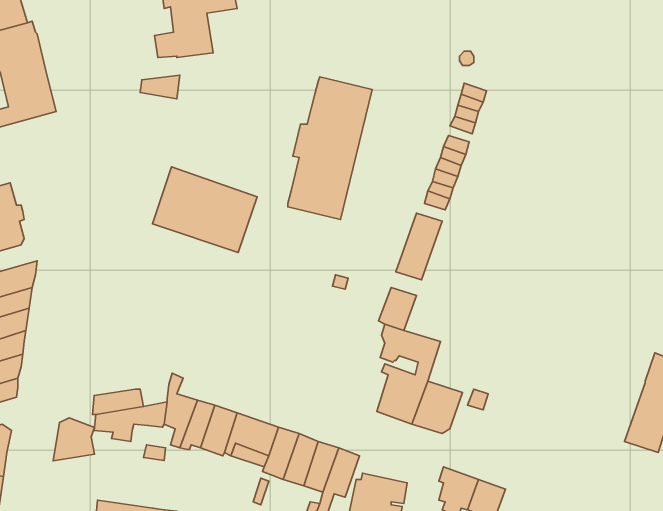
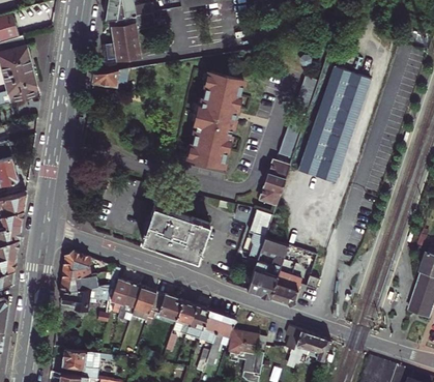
building: none -> [297,66,370,182]
building: [152,167,257,252] -> [141,204,209,260]
building: [53,418,94,461] -> [62,252,89,280]

